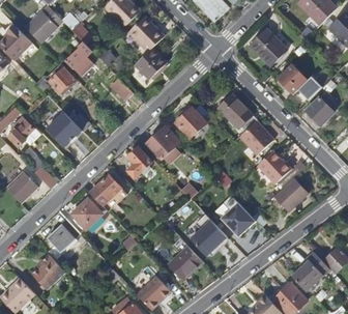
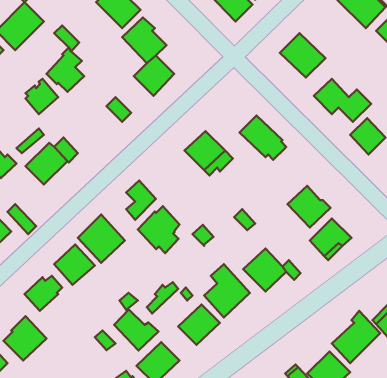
building: [240,121,273,154] -> none
building: [147,125,180,163] -> [138,206,180,253]
building: none -> [114,310,158,350]

